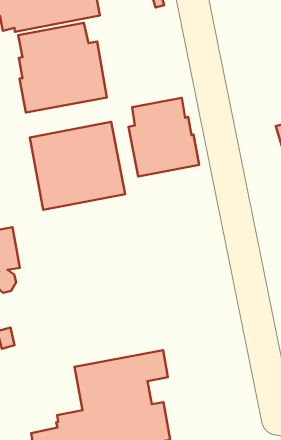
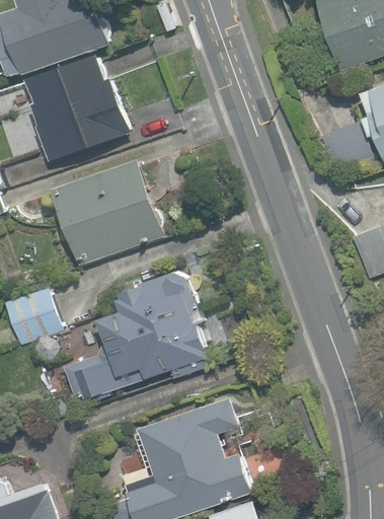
building: [128,98,199,176] -> none
building: none -> [64,271,206,399]

